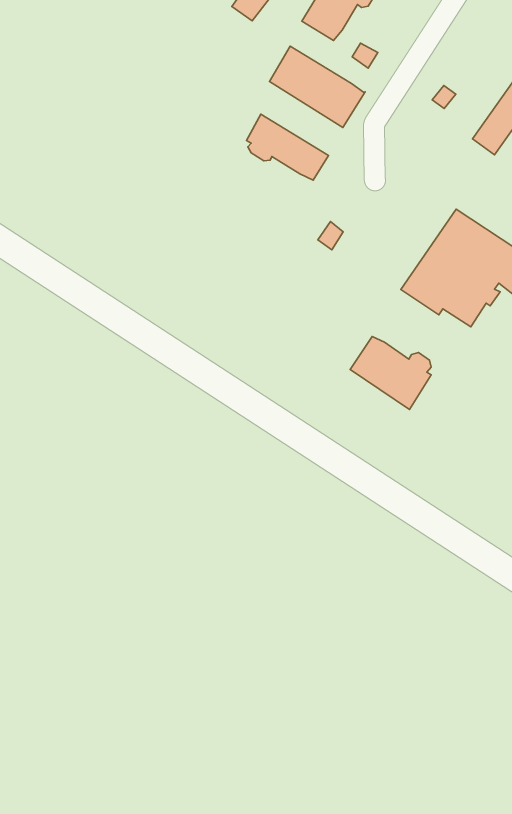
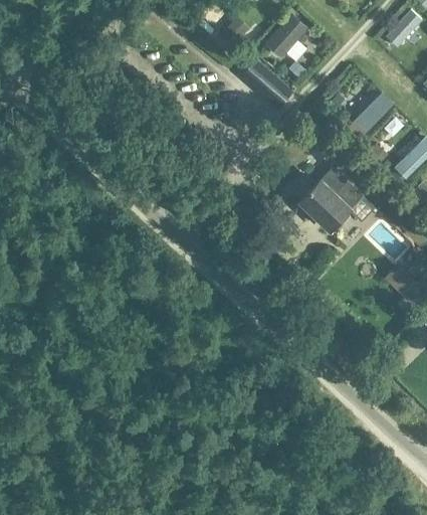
building: [247,114,328,180] -> none
building: [350,337,431,409] -> none

